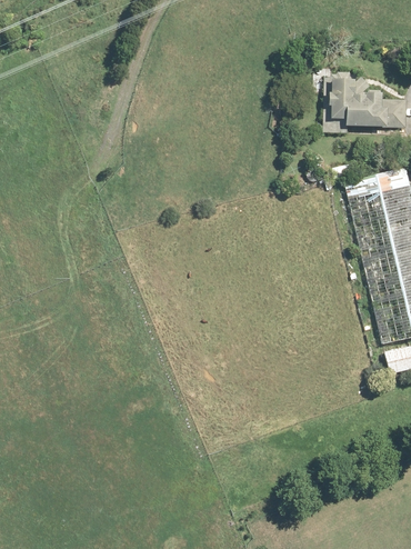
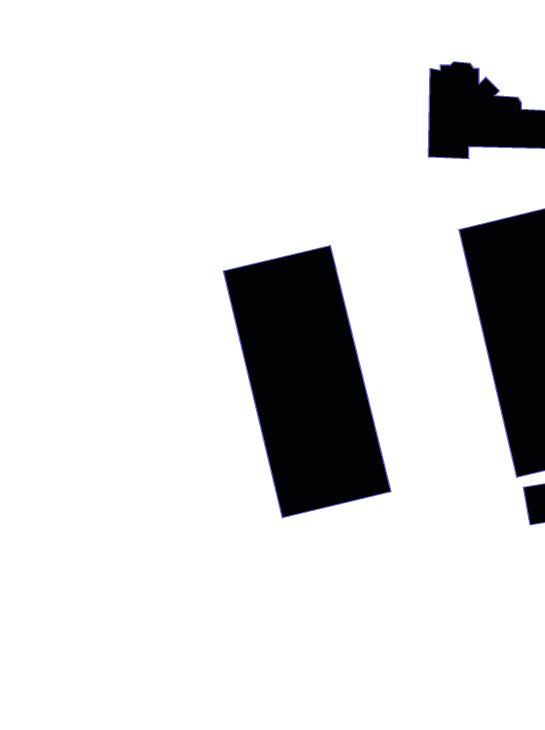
building: none -> [223,245,391,518]

